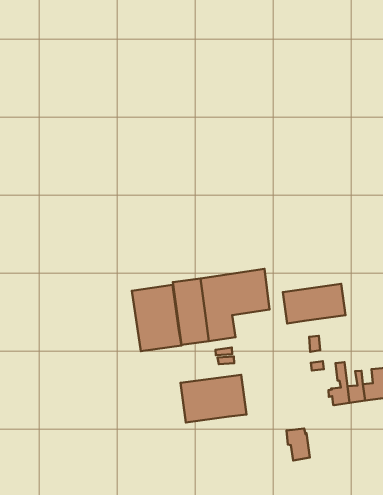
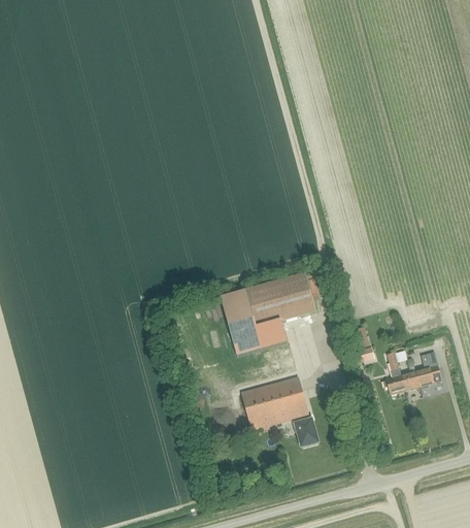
building: [283,284,346,324] -> none
building: [132,285,182,351] -> none
building: [286,428,310,460] -> [292,414,317,446]

